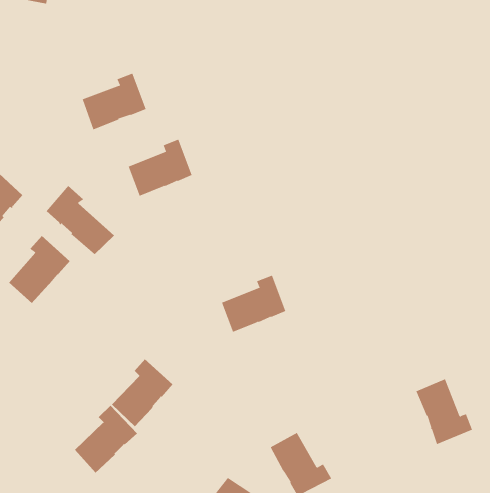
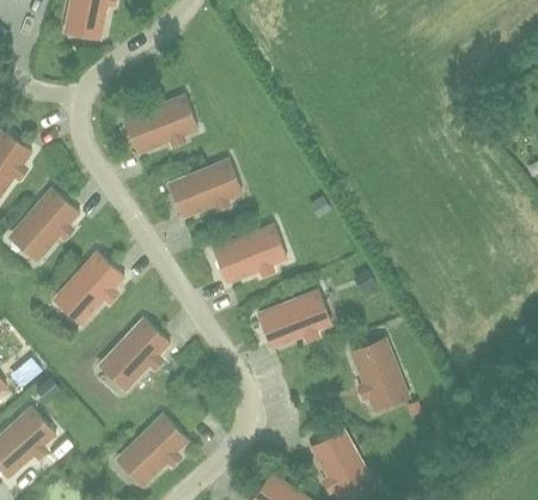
building: [46,185,115,255] -> none
building: none -> [222,225,286,280]
building: [111,358,174,427] -> [109,318,169,384]
building: [415,379,473,445] -> [353,348,408,411]

